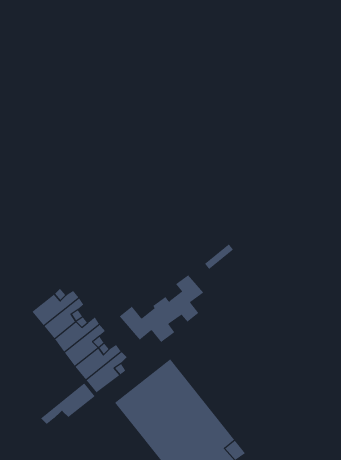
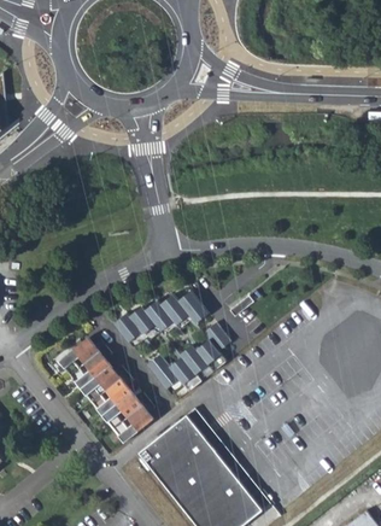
building: none -> [112,290,207,347]
building: [40,382,96,425] -> none

